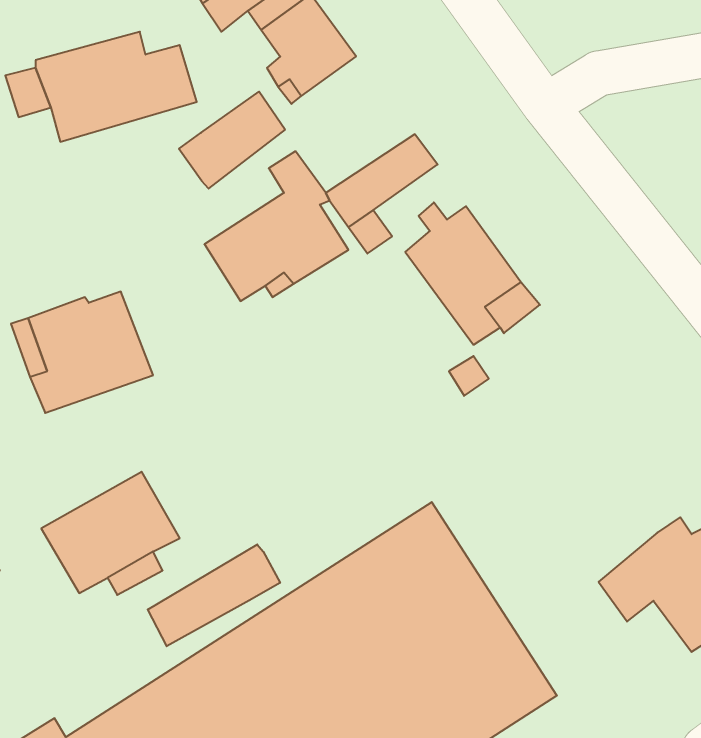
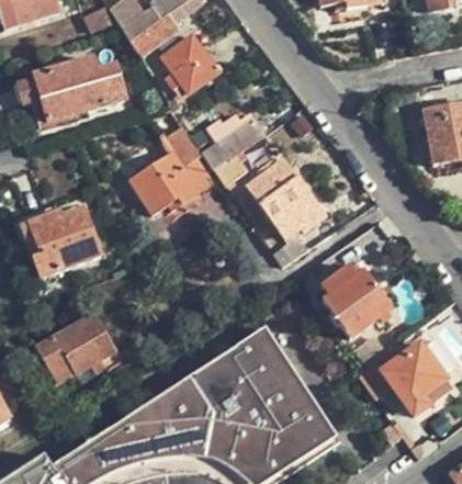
building: [179,92,285,189] -> none
building: none -> [319,269,391,337]
building: [148,544,280,646] -> none

